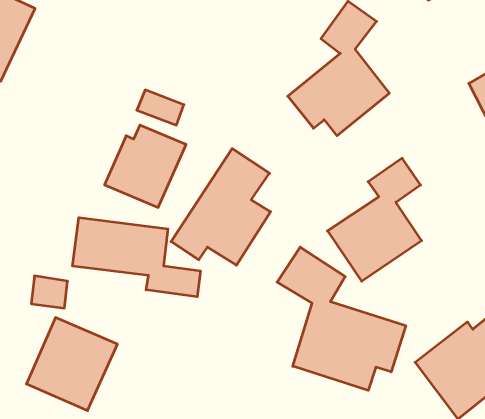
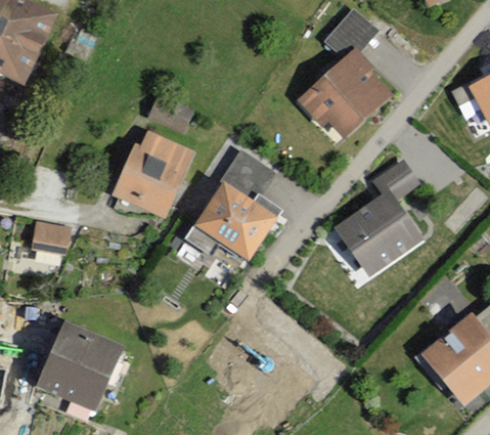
building: [73,218,200,297] -> none
building: [277,247,406,390] -> none
building: [31,276,68,308] -> [39,221,74,252]

